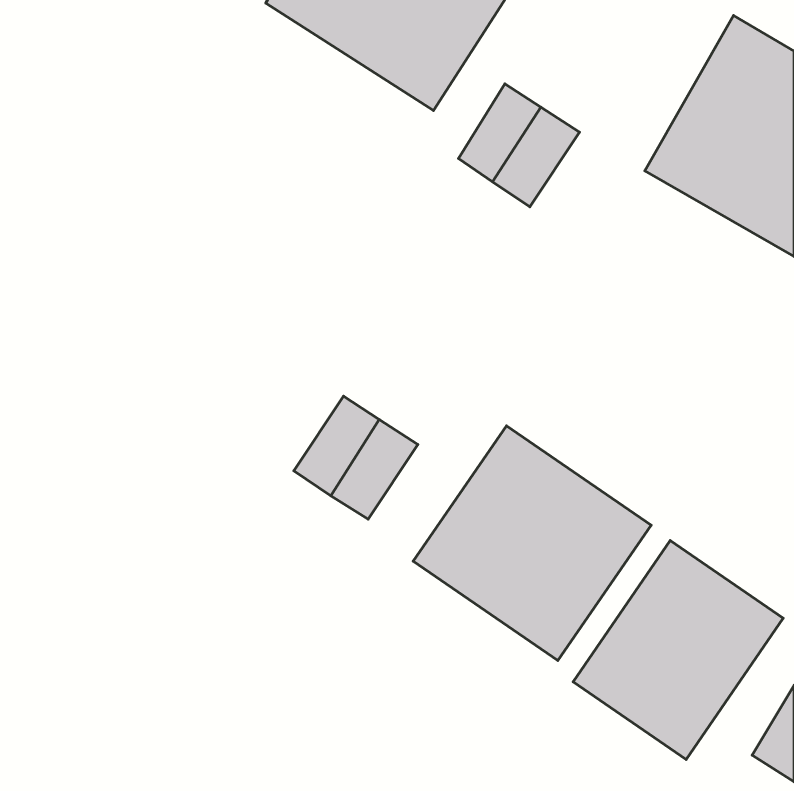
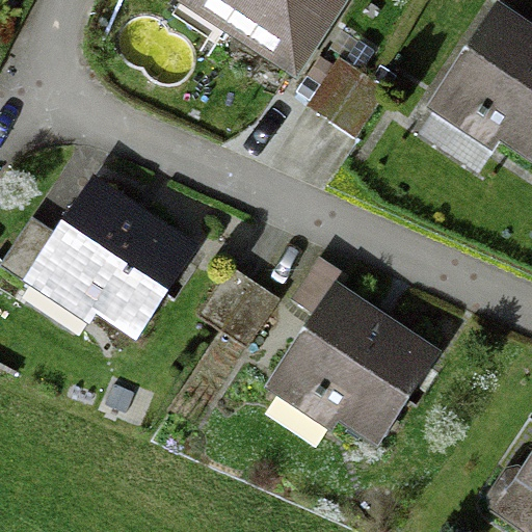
building: none -> [31,182,195,340]
building: [573,540,783,759] -> none

